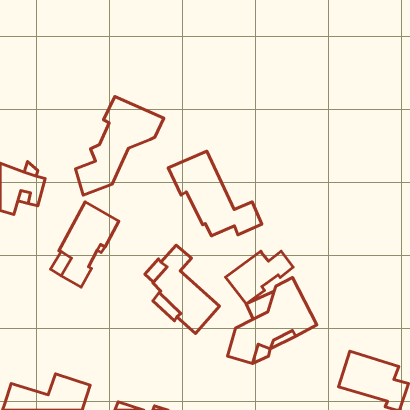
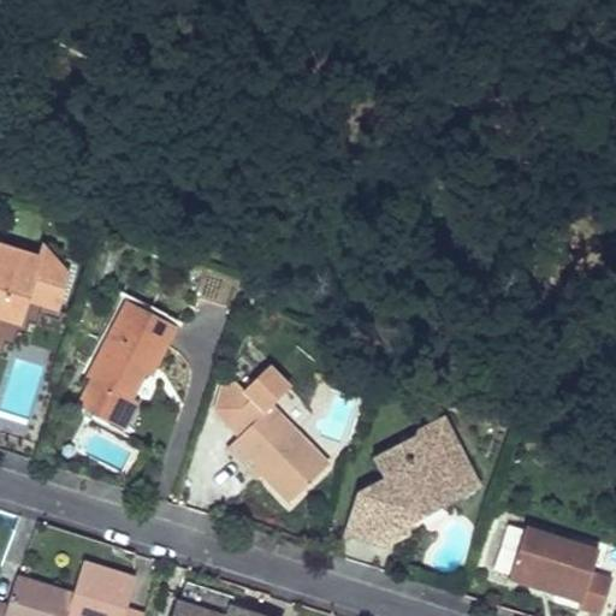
building: [76,96,164,195] -> none
building: [168,151,262,236] -> none
building: [225,251,293,304] -> none

